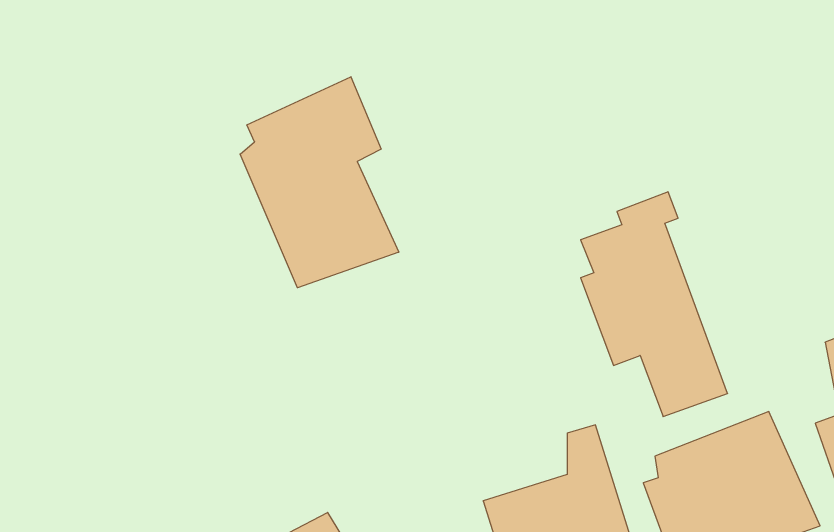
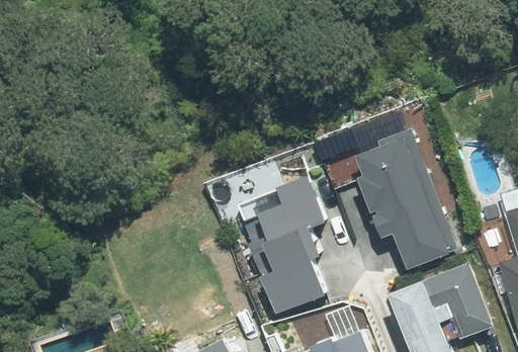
building: [240,77,399,288] -> none
building: none -> [239,178,330,319]

